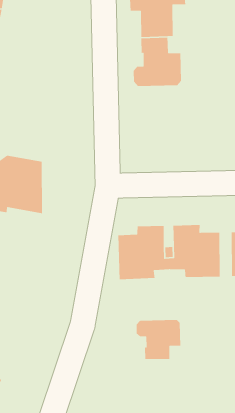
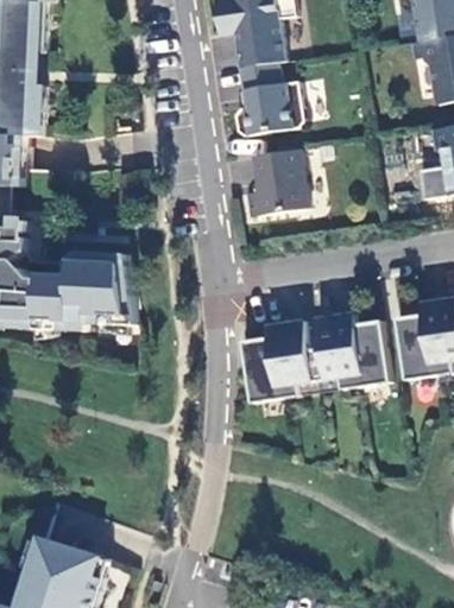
building: none -> [246,148,307,215]
building: [136,319,181,360] -> none

